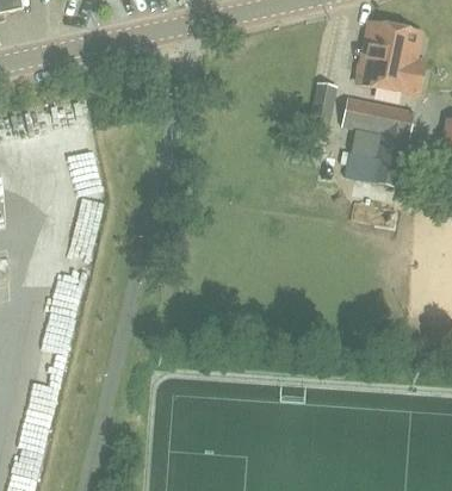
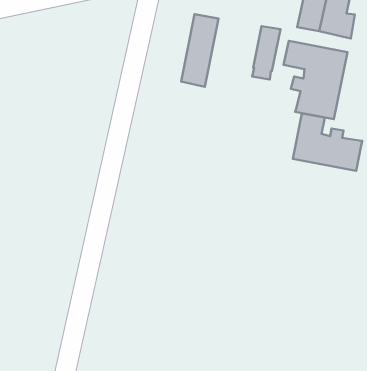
building: none -> [181,14,219,87]
building: none -> [293,113,362,171]

